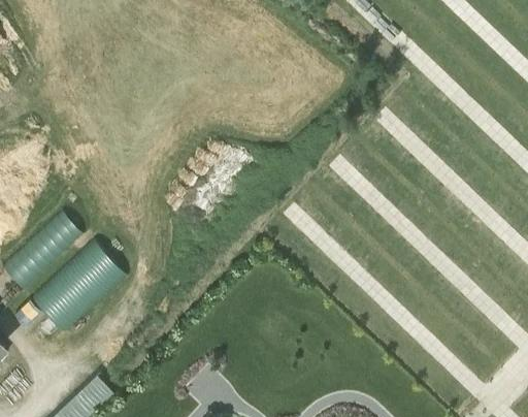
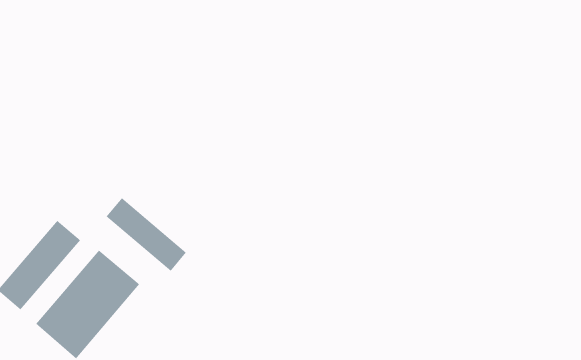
building: none -> [106,197,187,272]

